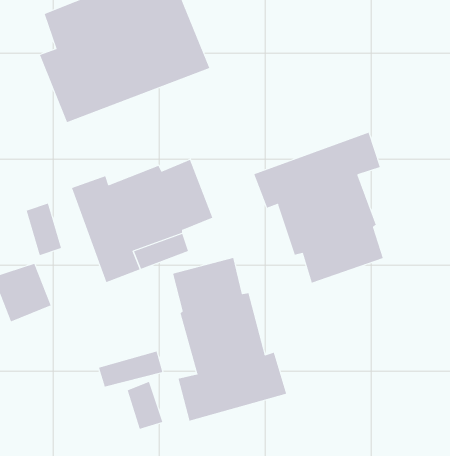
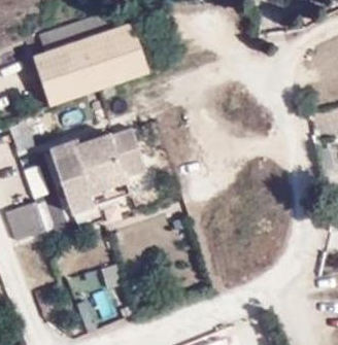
building: [253,132,384,284] -> none
building: [172,257,287,422] -> none

